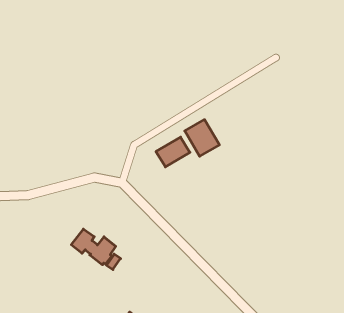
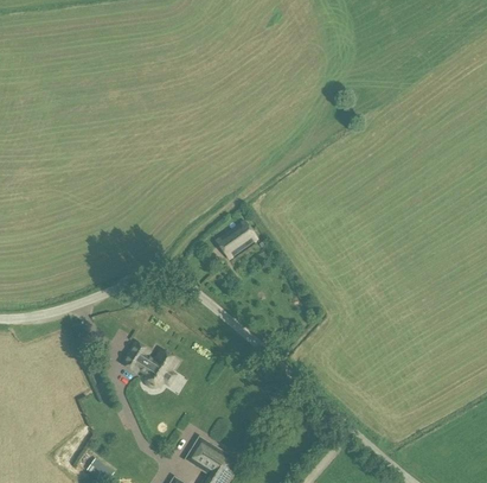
building: [185,120,219,156] -> none

